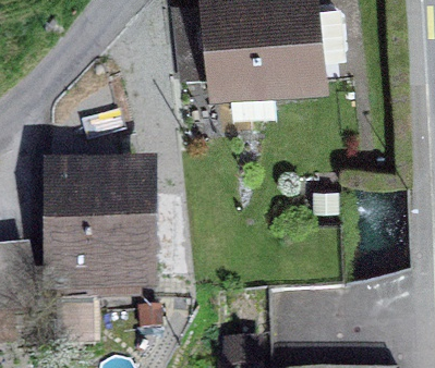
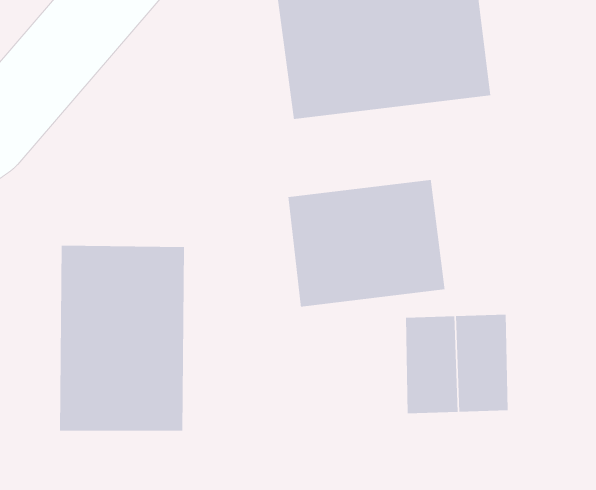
building: none -> [288,179,445,307]

